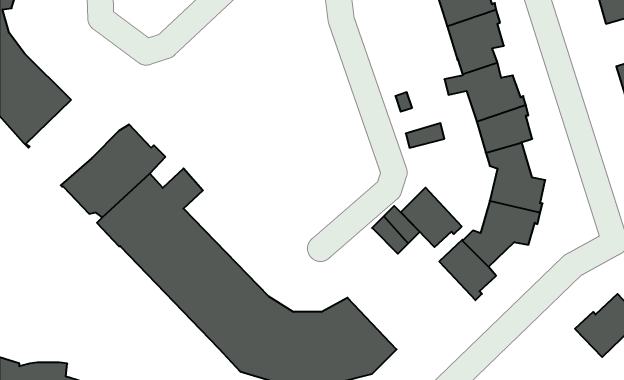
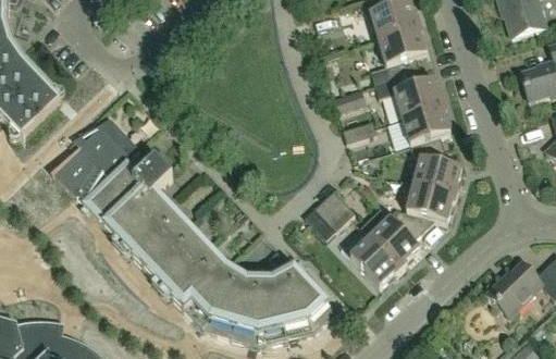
building: [401,188,462,247] -> [350,235,401,285]

